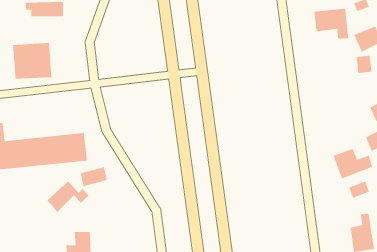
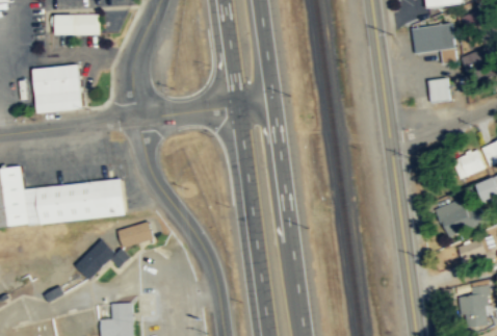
building: [356,55,373,74] -> [427,77,448,101]
building: none -> [454,150,481,175]

